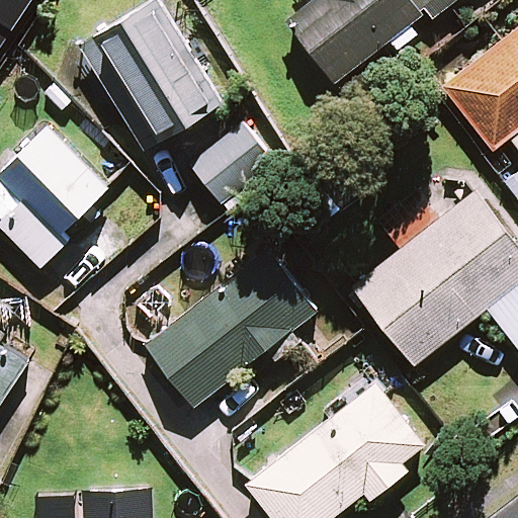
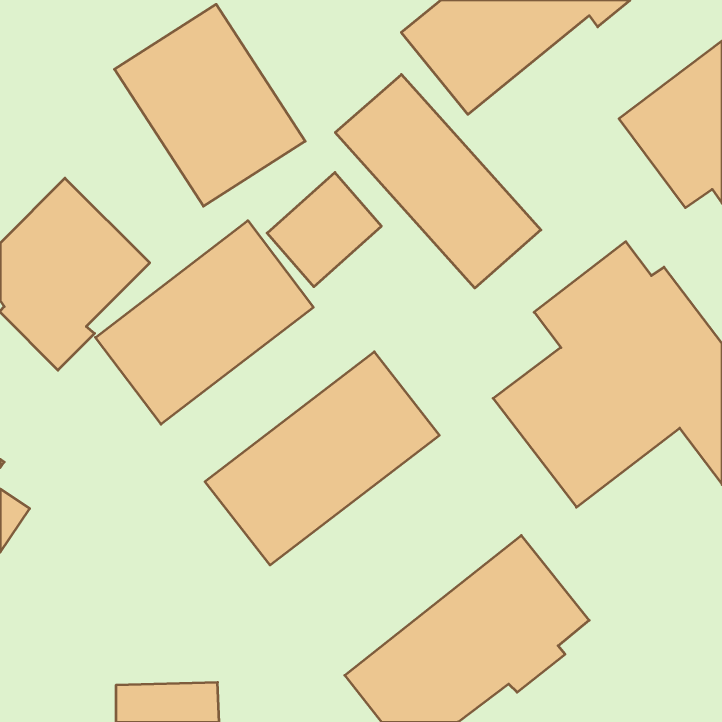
building: none -> [335,74,541,288]
building: none -> [95,221,313,424]

